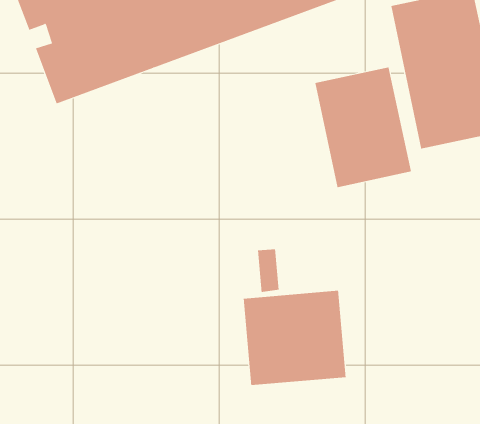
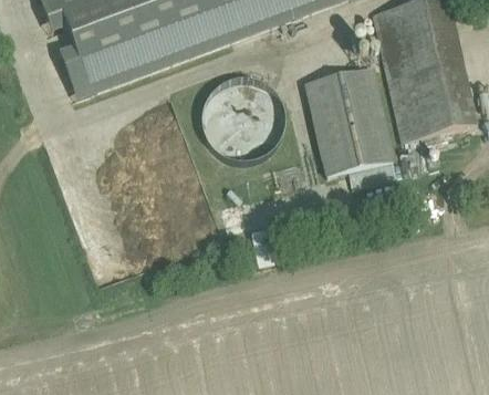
building: none -> [201,77,285,162]
building: [243,290,346,386] -> none

